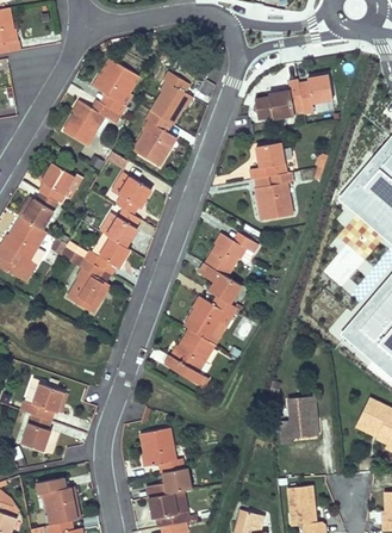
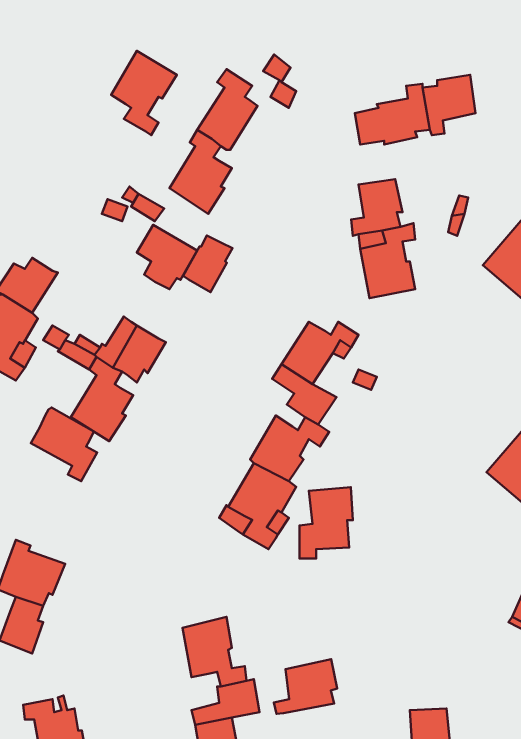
building: [64,101,117,143] -> none
building: [41,163,75,202] -> none
building: [107,209,139,246] -> [183,235,232,292]
building: none -> [31,407,97,481]
building: [281,396,316,442] -> [300,487,353,558]
building: none -> [274,659,337,714]

